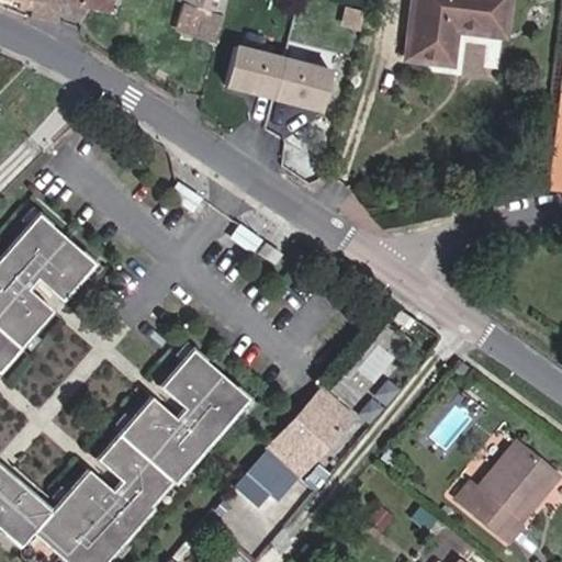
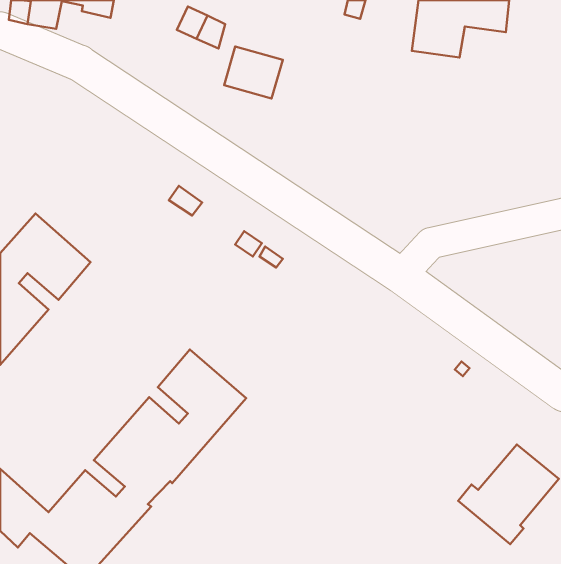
building: [273,60,331,113] -> none
building: [238,390,351,505] -> none

